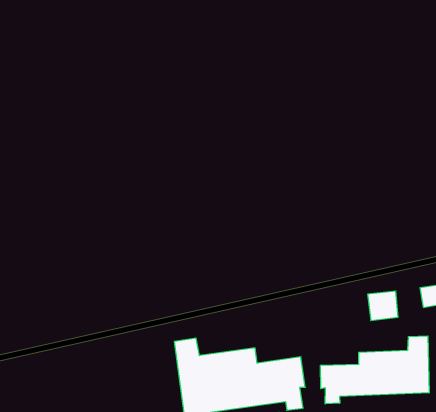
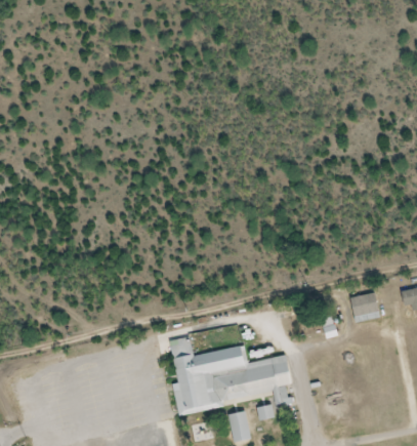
building: [320,336,429,404] -> none

